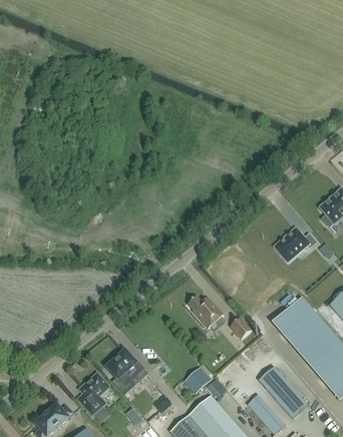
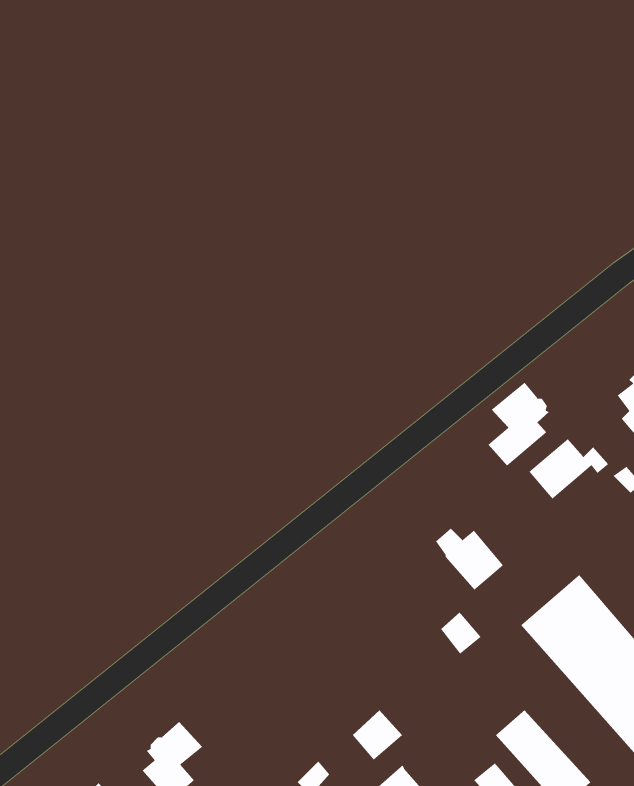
building: none -> [488,382,550,466]
building: [188,295,223,327] -> [435,528,504,591]
building: [106,350,144,381] -> none

